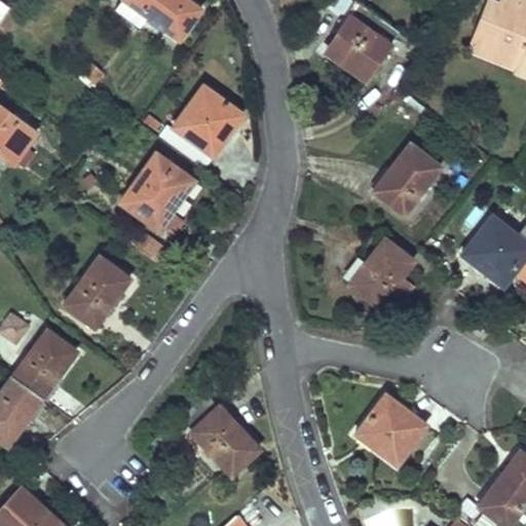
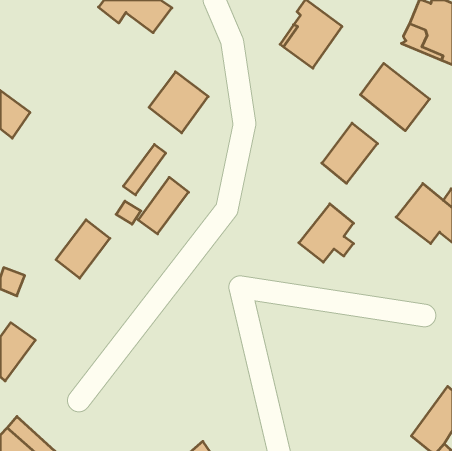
building: none -> [360,63,430,131]
building: [121,152,180,218] -> [138,177,189,234]
building: [13,330,76,397] -> none
building: [355,394,425,463] -> none
building: [191,406,259,475] -> none

